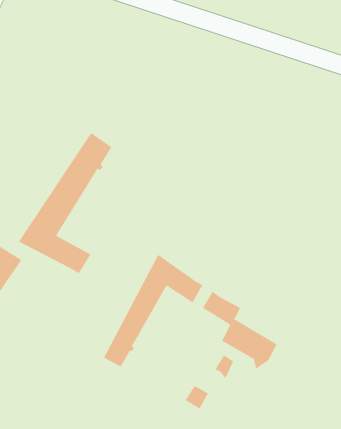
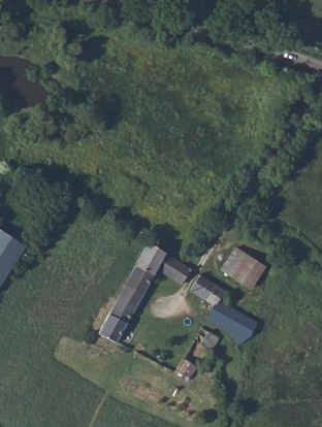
building: [18,132,112,274] -> none
building: none -> [222,248,264,288]

